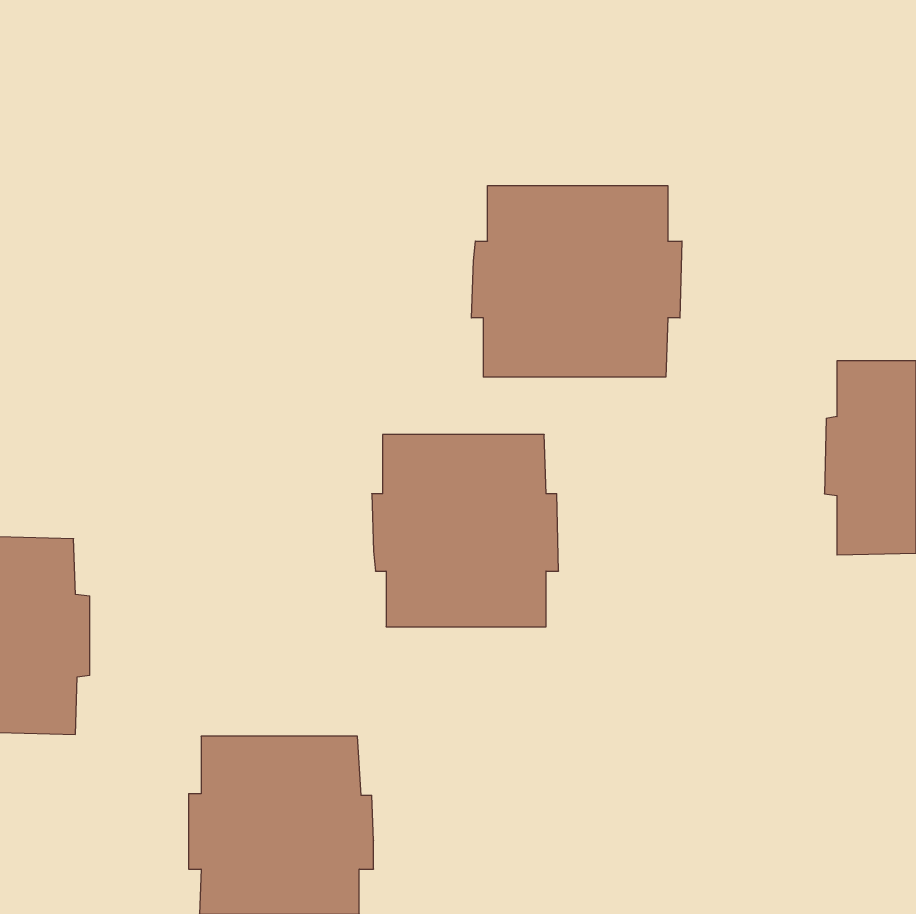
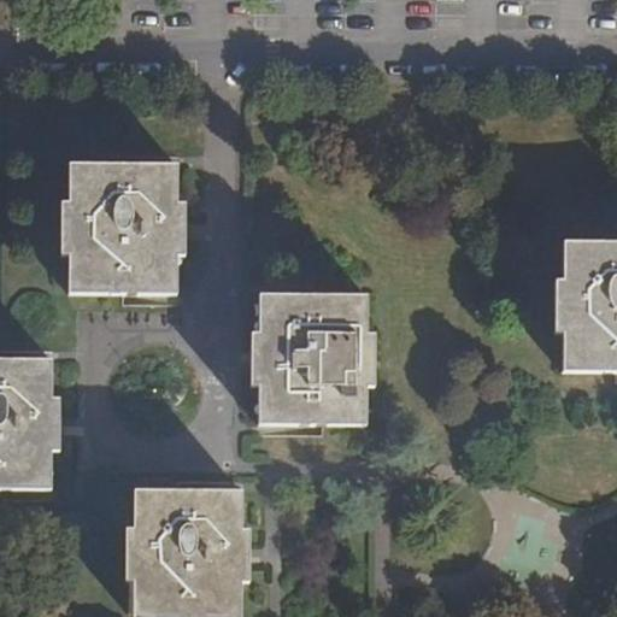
building: [471,186,682,377] -> none
building: none -> [60,161,189,290]

